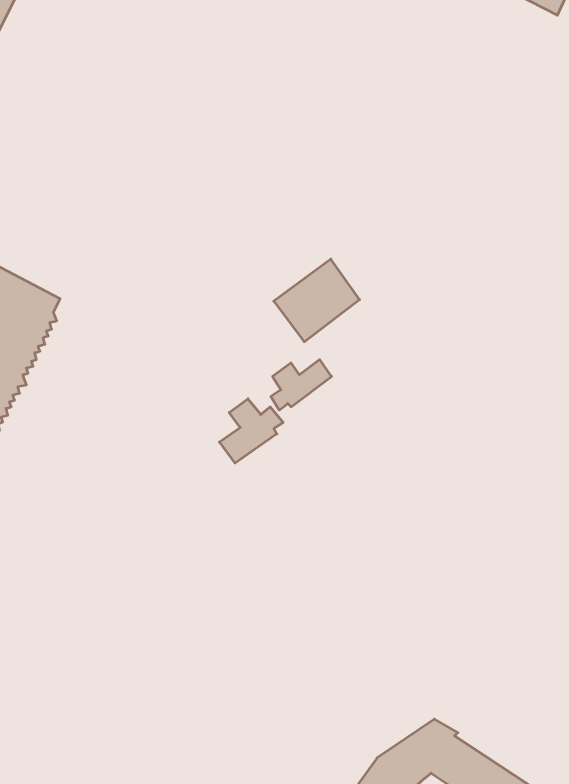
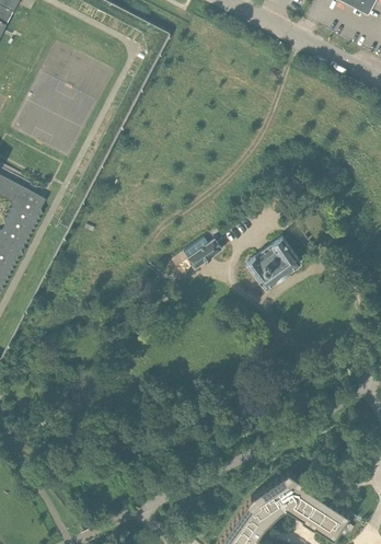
building: [274,259,360,342] -> [244,236,300,290]
building: [219,399,283,463] -> none

